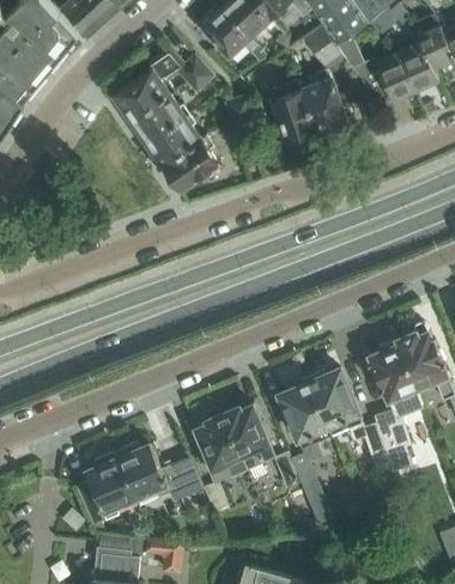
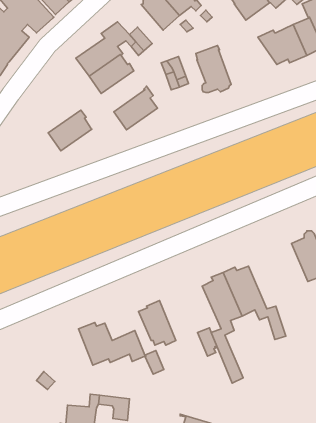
building: [301,24,352,133] -> none
building: [146,112,204,166] -> [48,110,92,151]
building: [369,340,418,472] -> none
building: [223,406,269,468] -> none
building: [77,452,135,524] -> none

